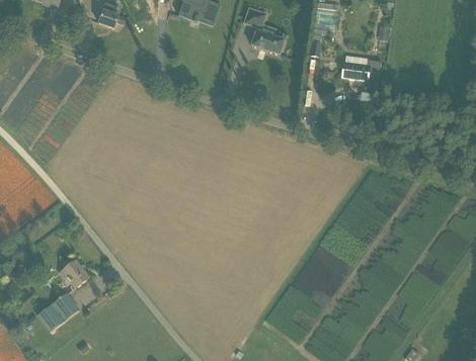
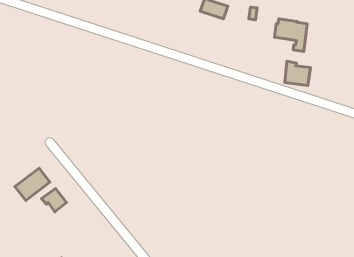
building: none -> [285,61,310,85]
building: [37,291,80,331] -> [15,168,50,201]

